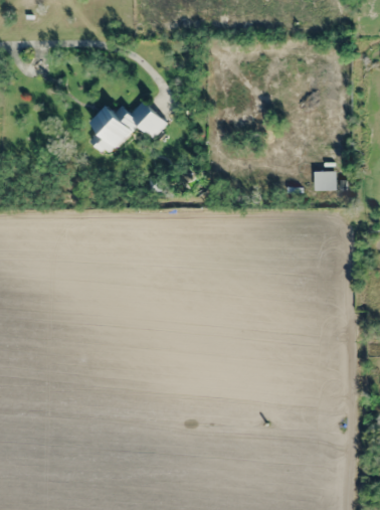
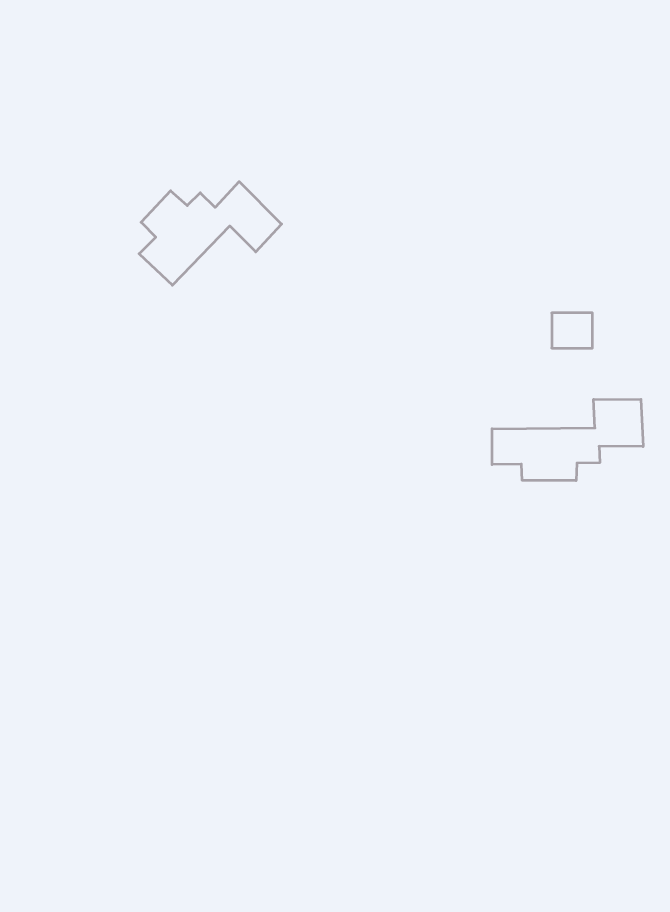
building: none -> [492,399,643,481]

